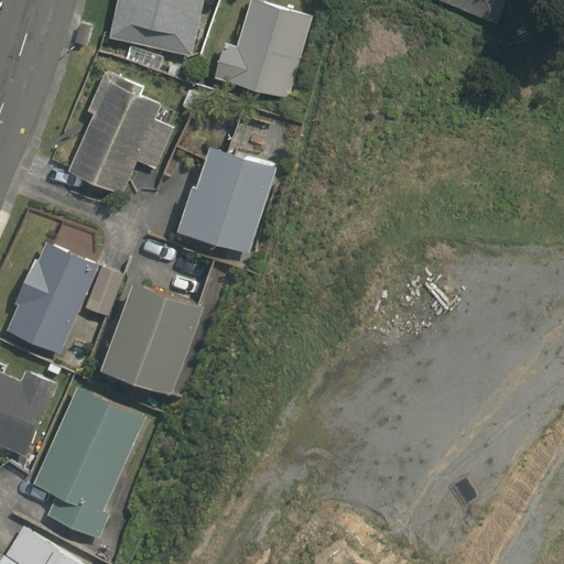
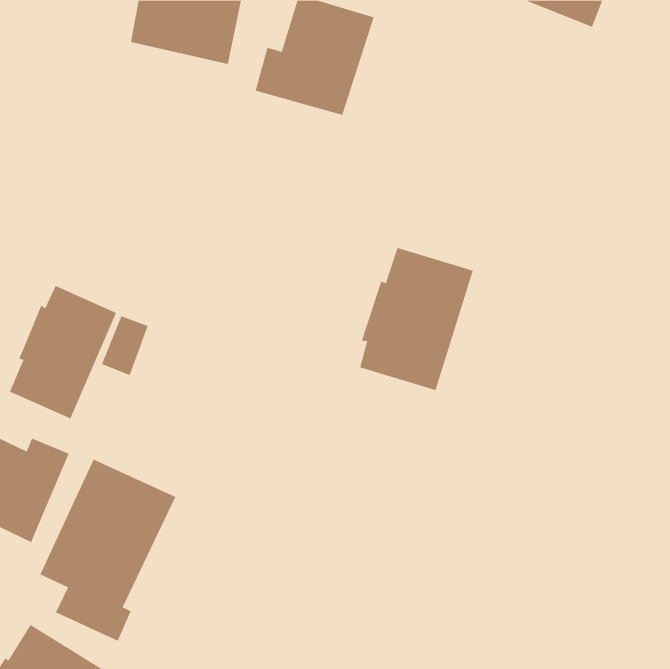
building: [67,70,174,195] -> none
building: [176,144,276,253] -> none
building: none -> [359,247,474,391]
building: [101,282,197,392] -> none

